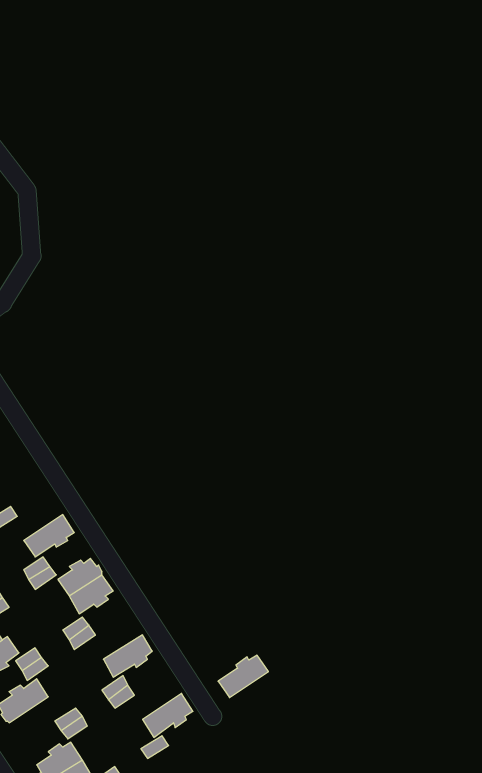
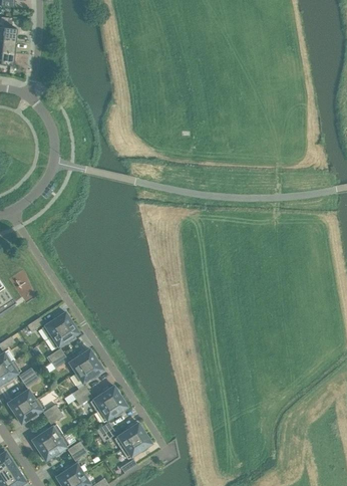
building: none -> [41,312,72,338]
building: none -> [90,386,121,412]
building: [218,655,268,698] -> [114,423,145,449]
building: none -> [39,435,70,461]

